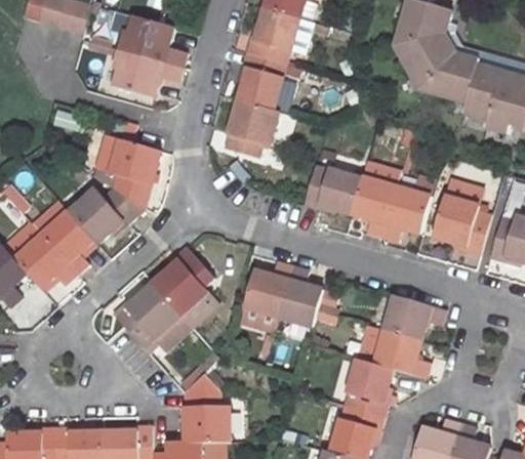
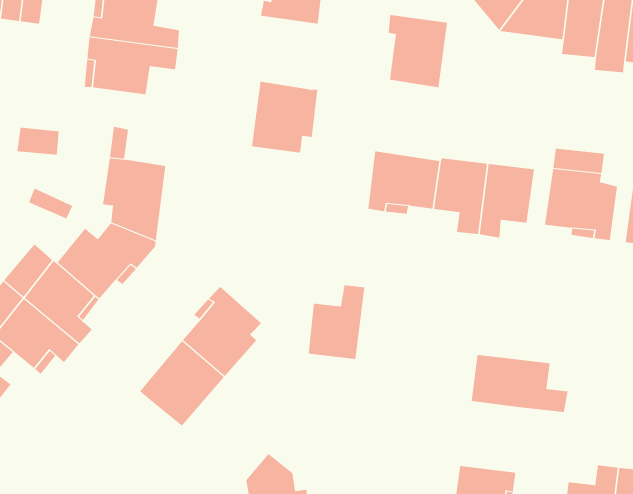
building: [238,52,287,112] -> [388,14,448,88]
building: [279,263,323,326] -> none
building: [383,294,446,339] -> none
building: [344,358,392,416] -> none

